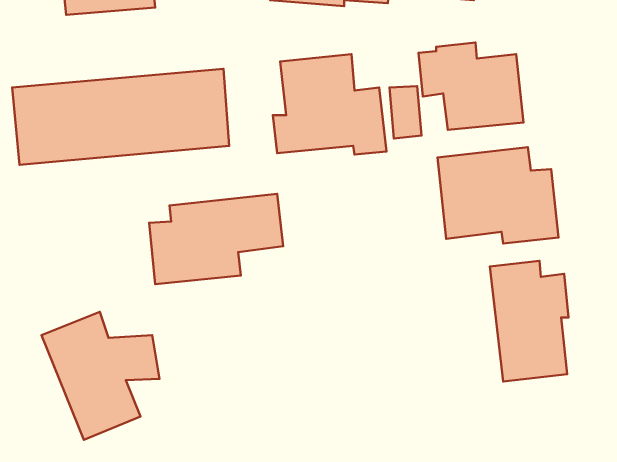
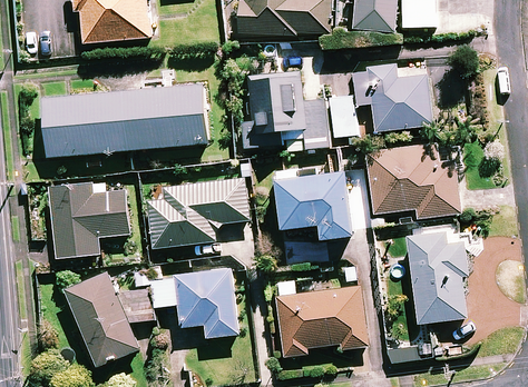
building: none -> [276,165,354,238]
building: none -> [50,182,128,257]
building: none -> [134,265,237,337]
building: none -> [274,279,366,356]

